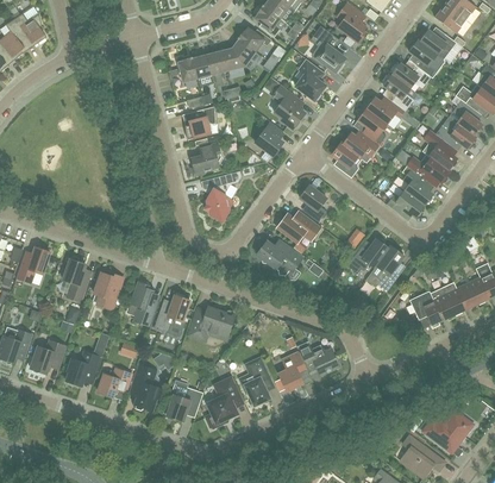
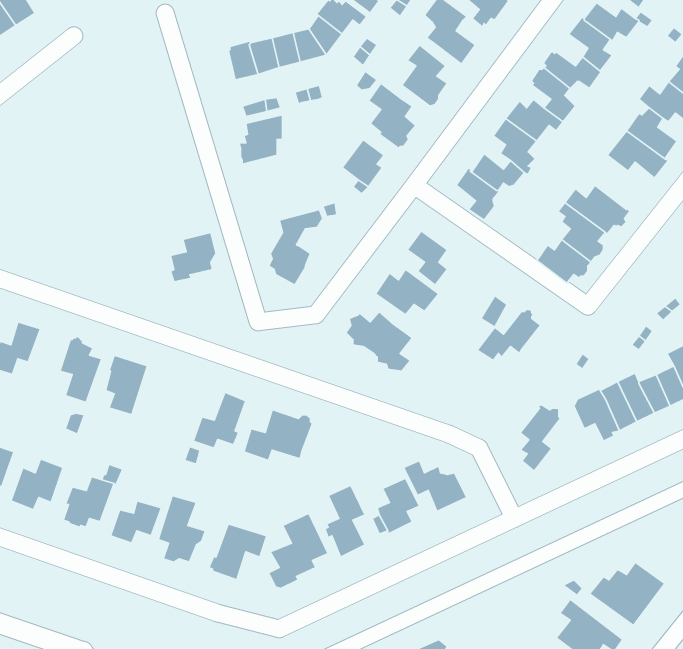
building: [422,130,457,170] -> none
building: [190,142,221,175] -> [170,233,216,282]
building: [376,246,403,291] -> [520,405,561,471]
building: [127,282,155,325] -> none

